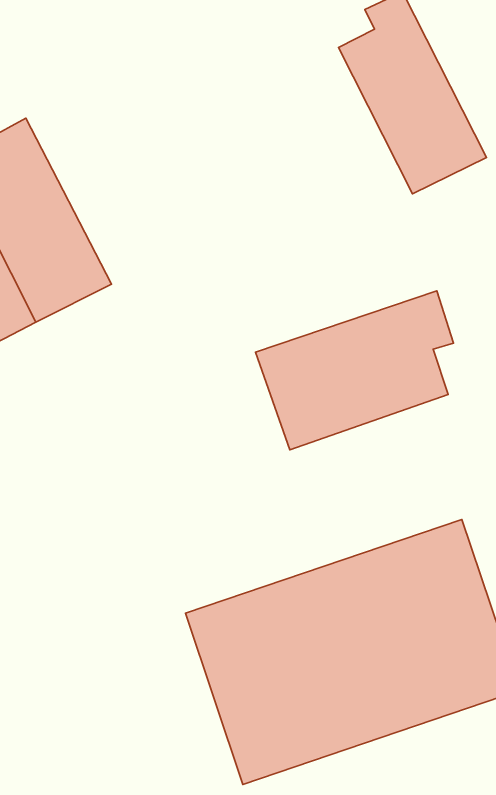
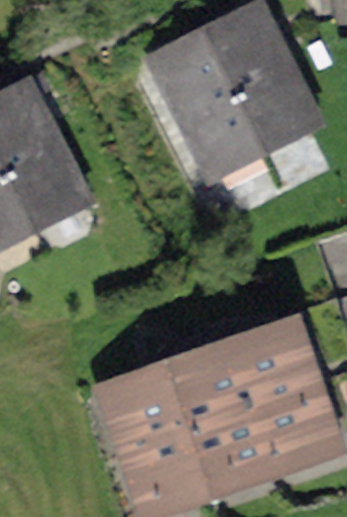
building: none -> [163,45,259,159]
building: [256,291,453,450] -> none

